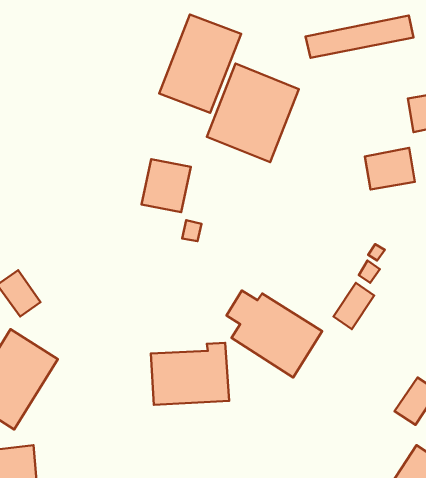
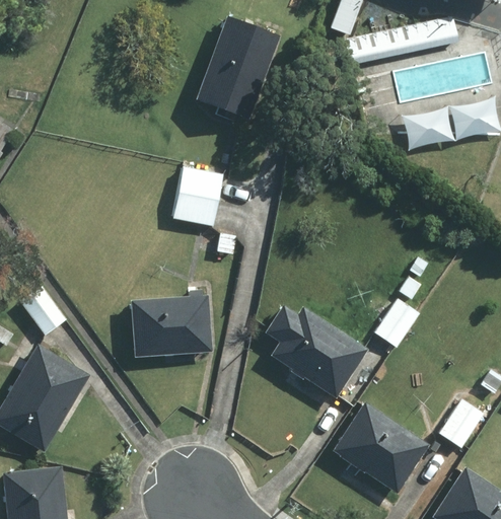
building: [207,64,299,162] -> none
building: [365,148,415,189] -> [409,104,461,148]
building: [151,343,229,405] -> [130,291,212,356]
building: none -> [333,403,428,493]

